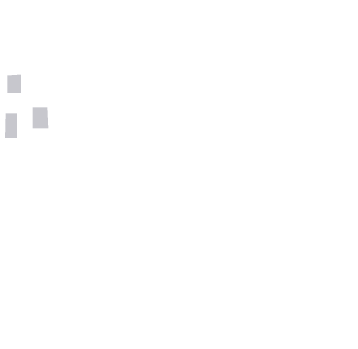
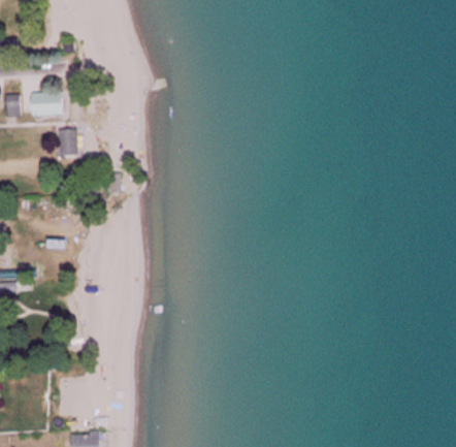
building: [4,112,18,139] -> none

